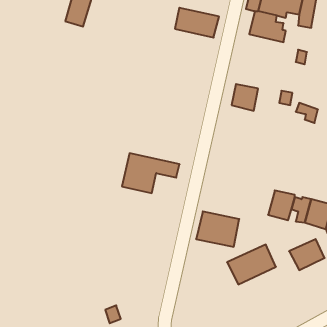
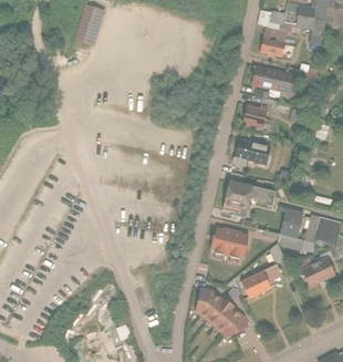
building: [175,8,219,38] -> [251,63,295,93]
building: none -> [233,135,262,161]
building: [122,153,180,193] -> [220,177,278,217]
building: none -> [193,291,247,339]

